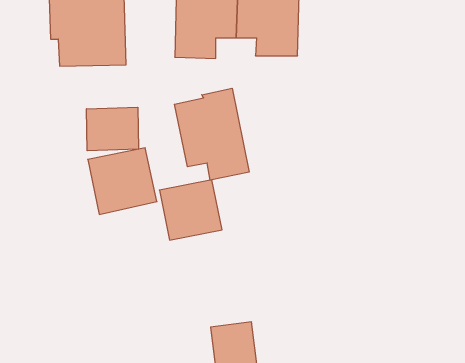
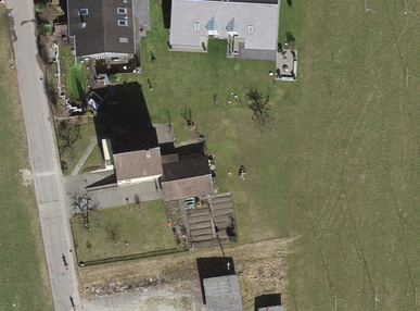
building: [174,88,249,180] -> none
building: [87,107,138,151] -> none

